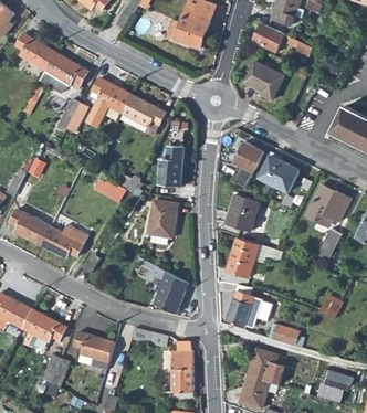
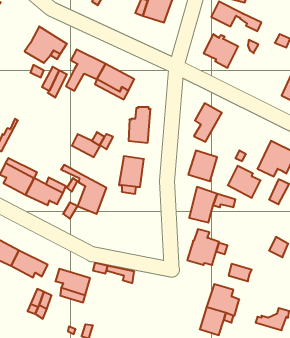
building: [15,33,55,71] -> none
building: [261,155,298,191] -> [228,166,261,198]
building: [135,256,187,313] -> [61,165,106,214]
building: [165,340,193,392] -> none

